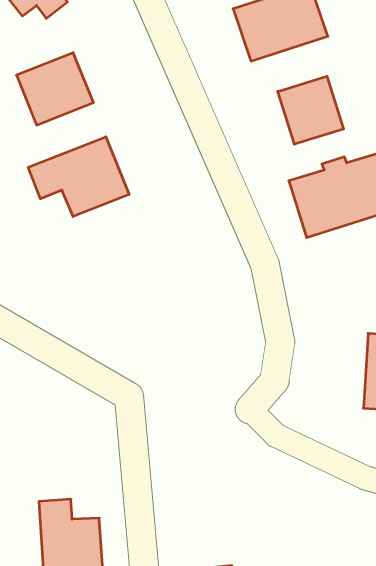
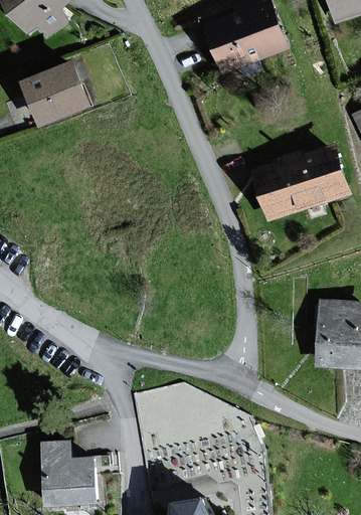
building: [278,76,344,144] -> none
building: [28,137,129,217] -> none

